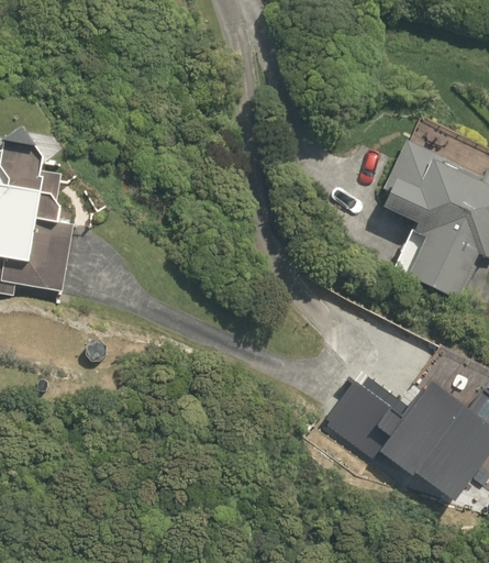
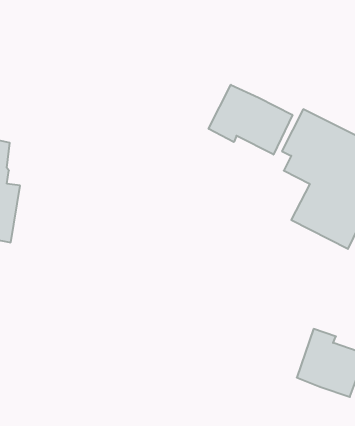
building: none -> [209,85,292,155]
building: [326,379,393,445] -> none

